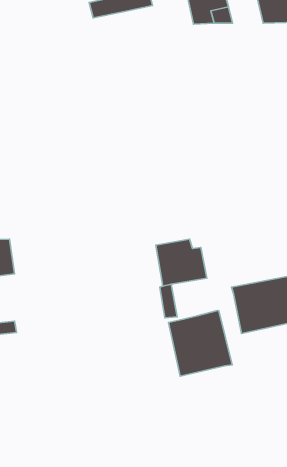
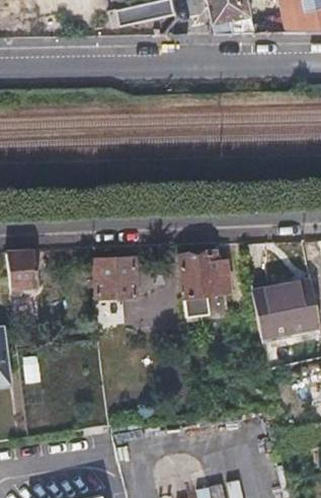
building: none -> [92,257,137,326]
building: [168,310,232,376] -> none

